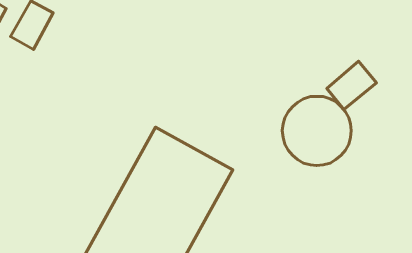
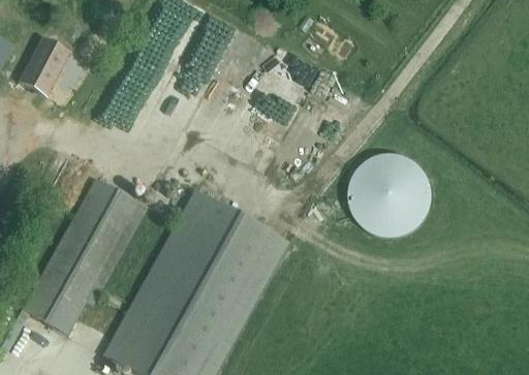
building: [327,61,377,110] -> none
building: none -> [23,178,148,335]

